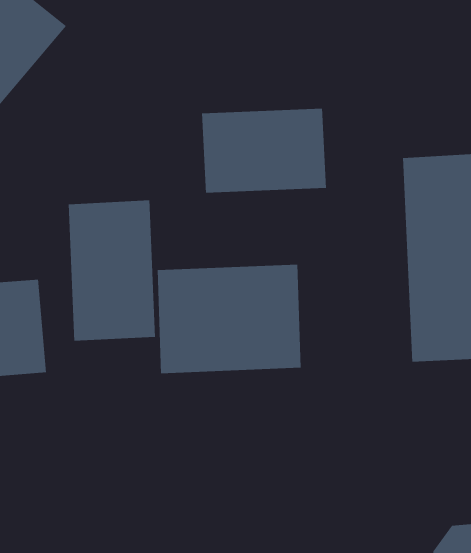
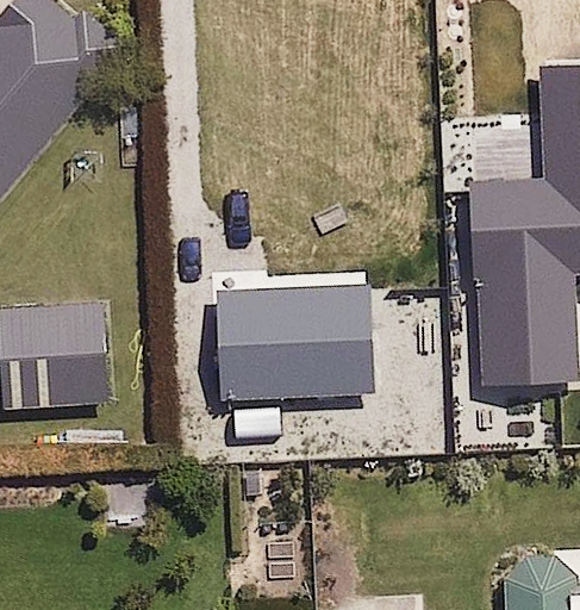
building: [202,108,327,193] -> none
building: [68,200,156,342] -> none

